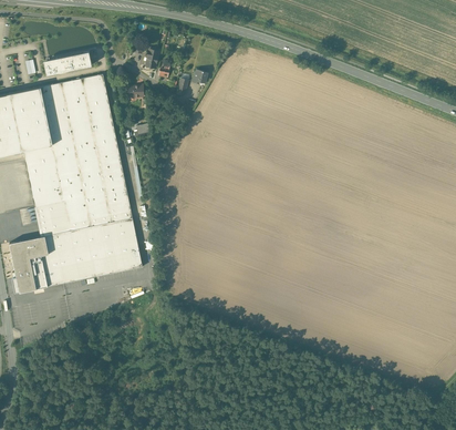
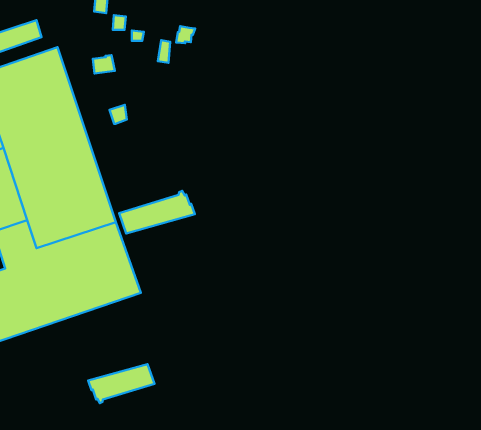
building: none -> [119,191,195,233]
building: none -> [88,364,154,403]

